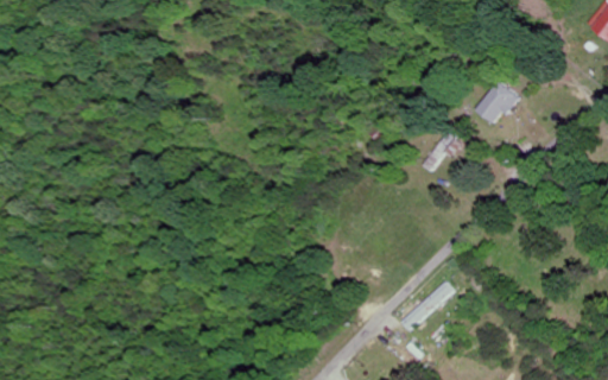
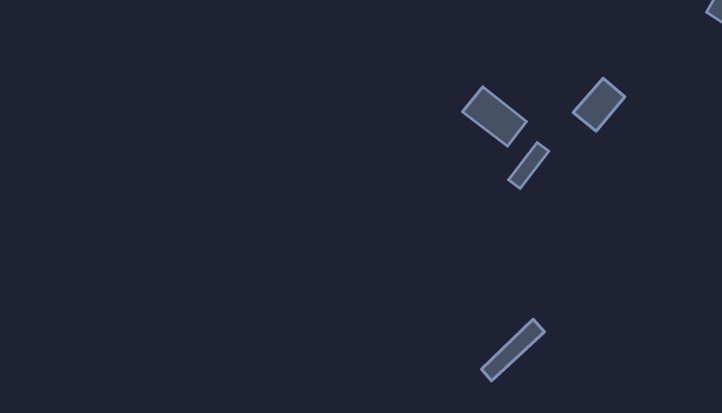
building: none -> [462,87,526,146]

